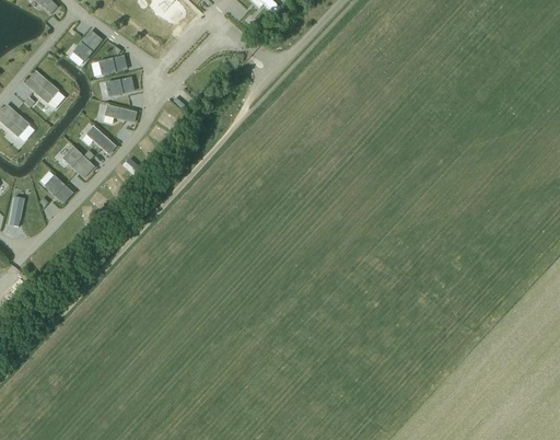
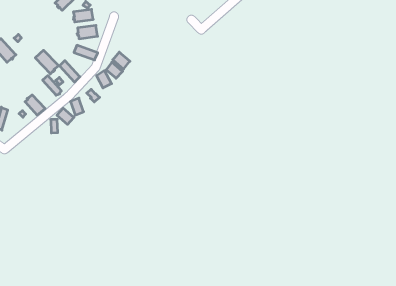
building: [25,71,57,102] -> [35,50,59,74]

